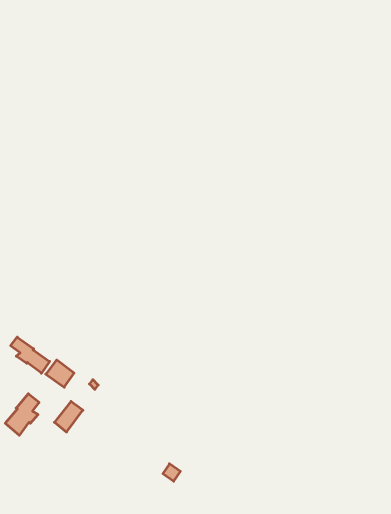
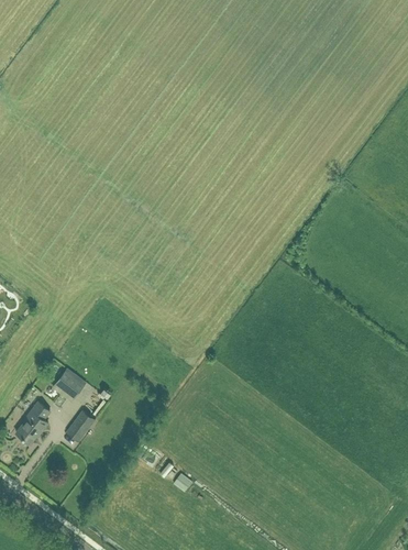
building: [11,337,50,373] -> none

